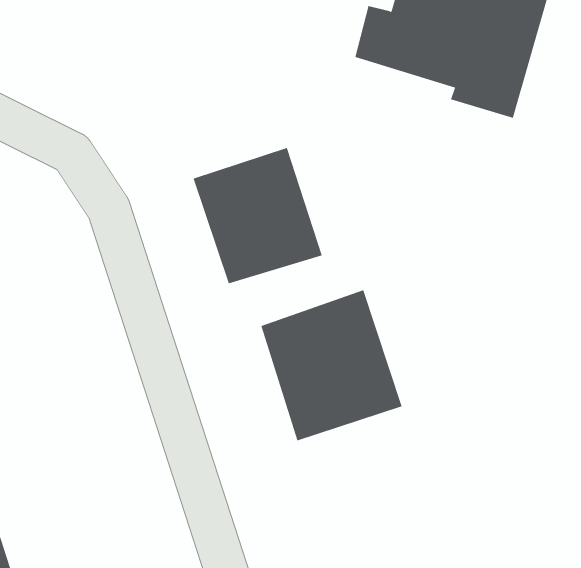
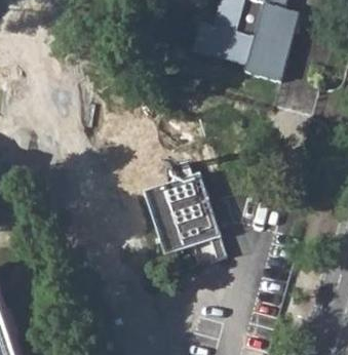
building: [193,147,322,284] -> none

